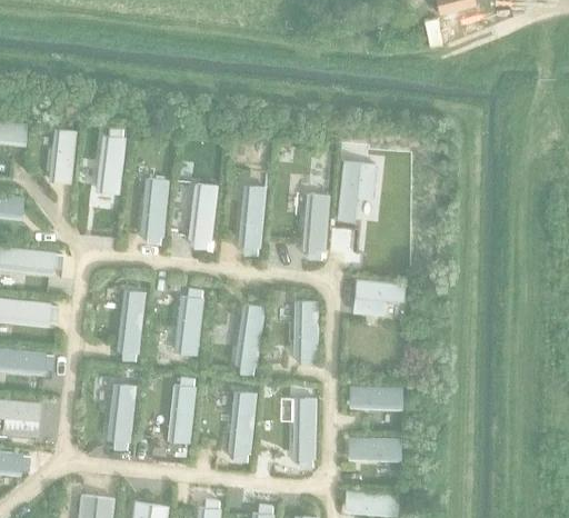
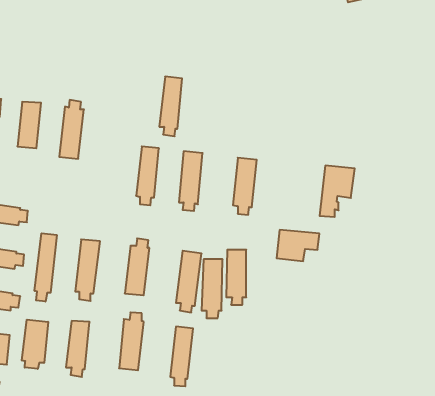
building: [336,161,377,221] -> [320,166,355,217]
building: [141,176,168,246] -> [159,77,182,136]
building: none -> [35,233,57,302]
building: none -> [22,320,48,369]
building: [349,388,403,410] -> none
building: [292,399,317,468] -> [202,259,223,318]
building: [348,438,402,461] -> none

